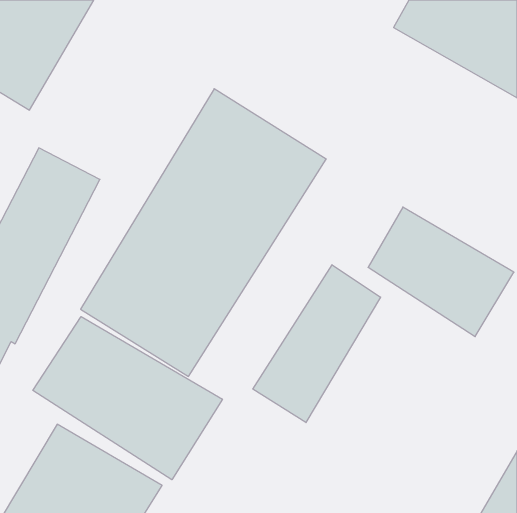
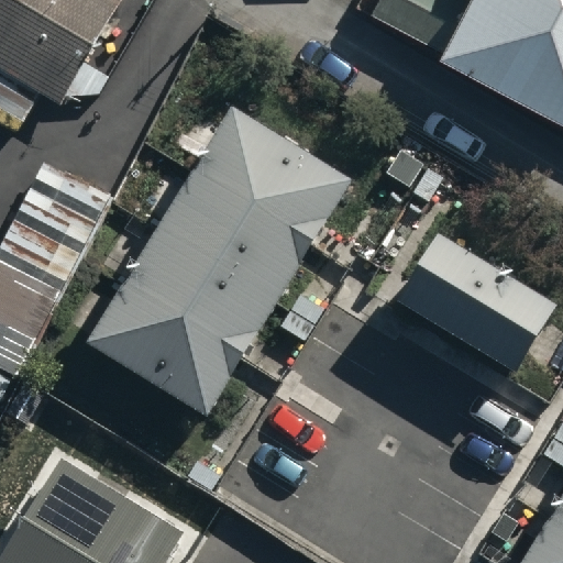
building: [253,265,381,423] -> none
building: [33,317,222,480] -> none

